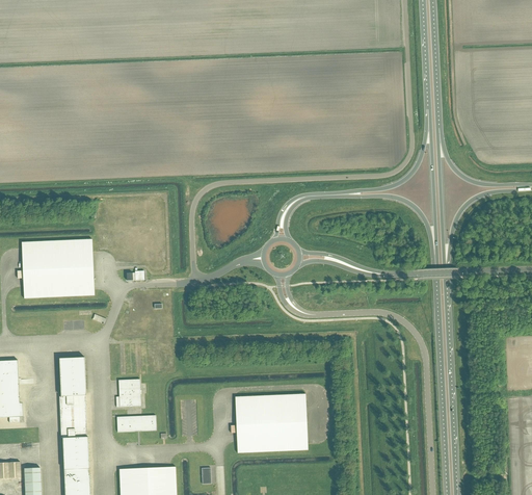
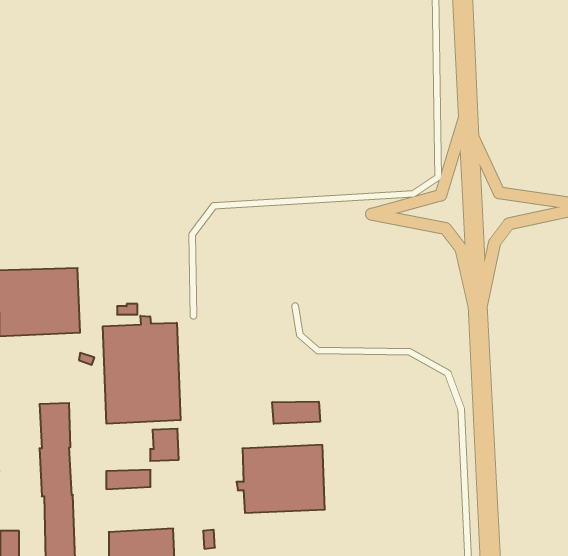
building: none -> [103,316,180,424]
building: none -> [272,402,320,424]
building: [115,379,140,407] -> [150,429,179,461]

